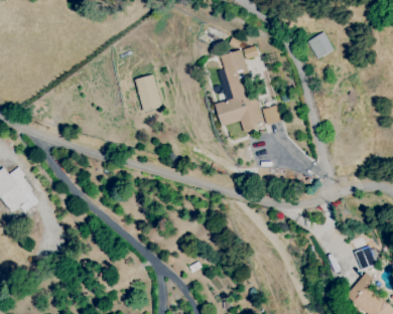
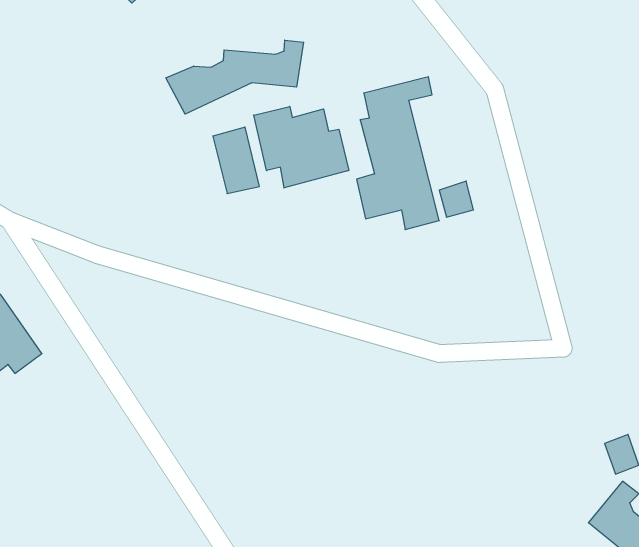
building: none -> [166,40,304,114]
building: [307,32,333,59] -> none
building: none -> [254,106,349,188]

